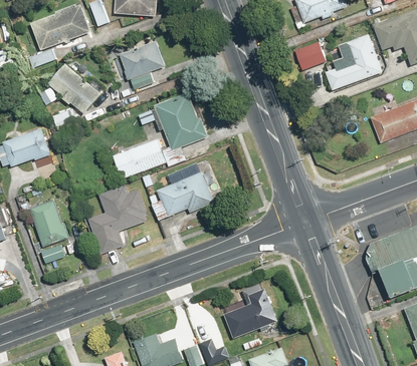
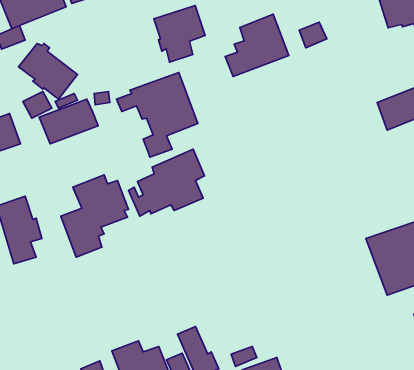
building: [325,34,382,90] -> [225,14,289,77]
building: [118,39,164,90] -> [154,5,205,62]
building: [112,139,165,179] -> [39,99,98,144]
building: [222,283,277,338] -> none

